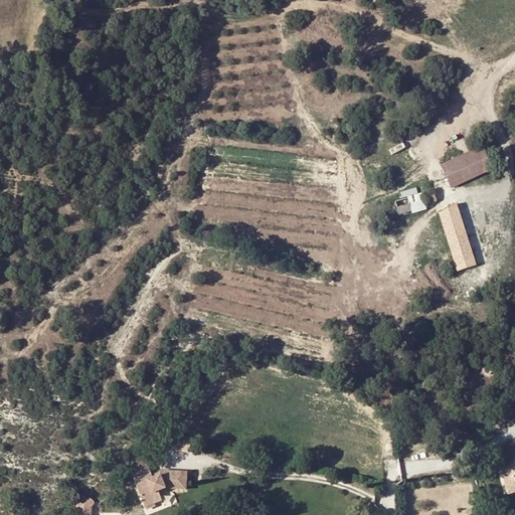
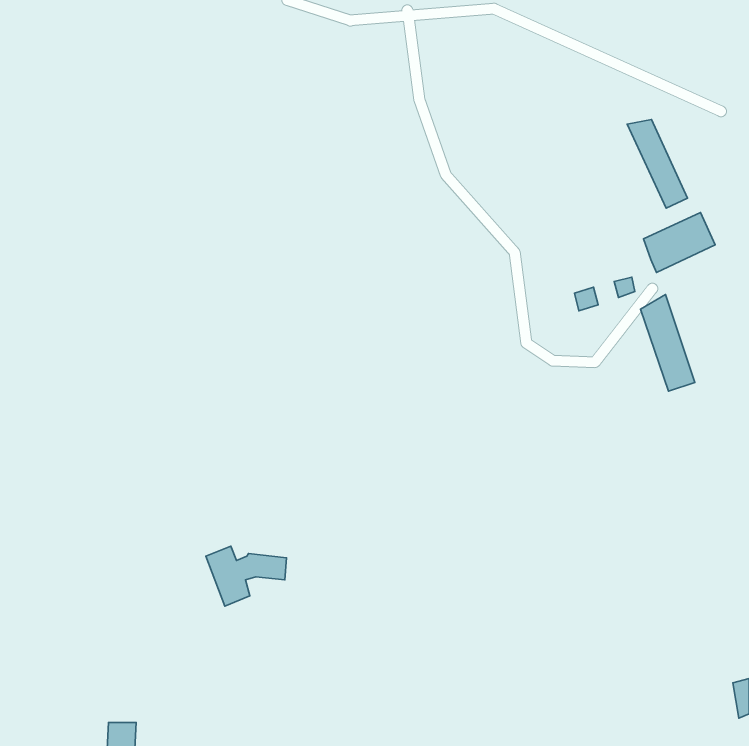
building: none -> [627,119,687,208]
building: [130,466,185,507] -> [206,546,286,606]

